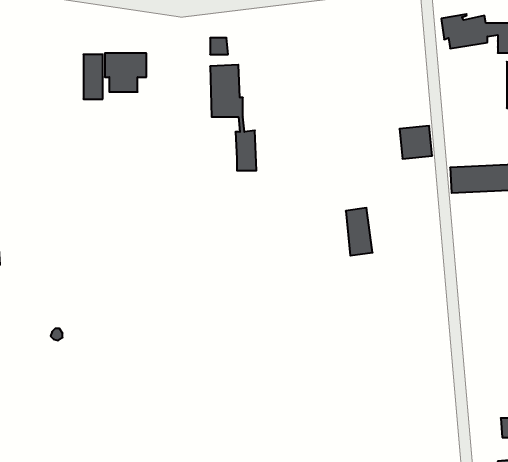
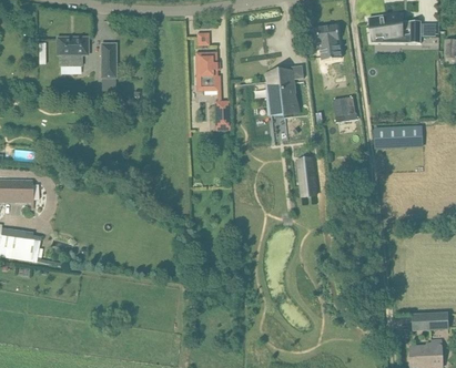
building: none -> [317,24,342,60]
building: [105,53,146,92] -> [57,37,88,65]
building: none -> [266,71,300,135]

